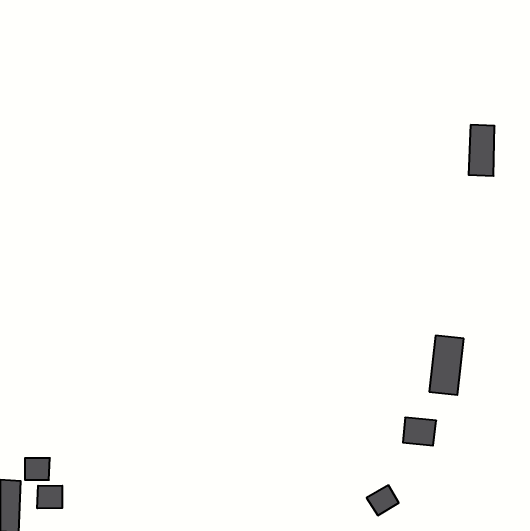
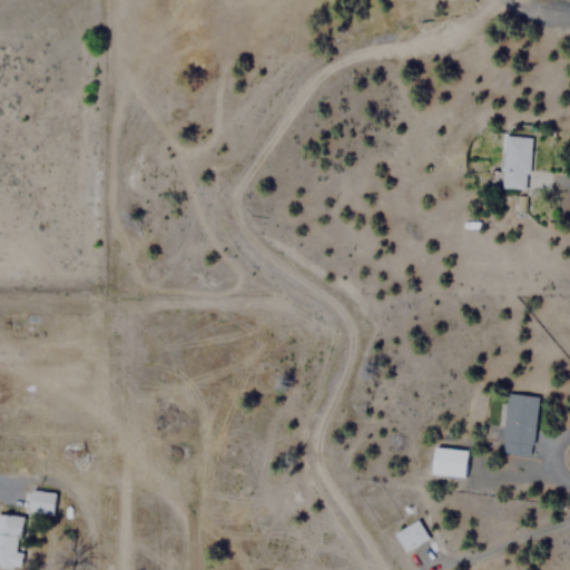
building: [429,336,464,395] -> [501,393,538,456]
building: [37,486,62,508] -> none

